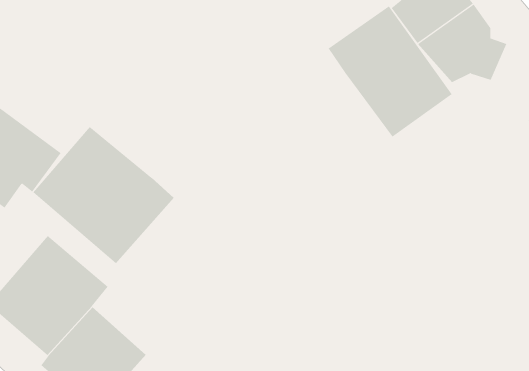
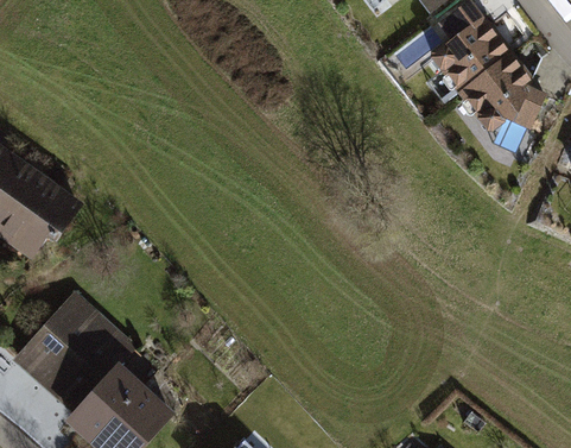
building: [328,6,453,137] -> none
building: [33,126,174,264] -> none

